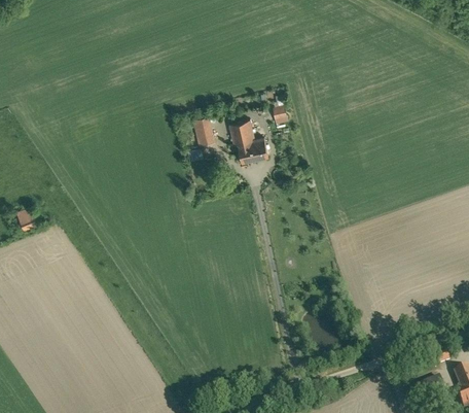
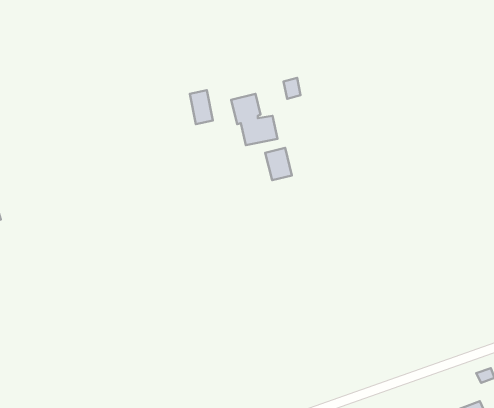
building: none -> [265,148,292,180]

